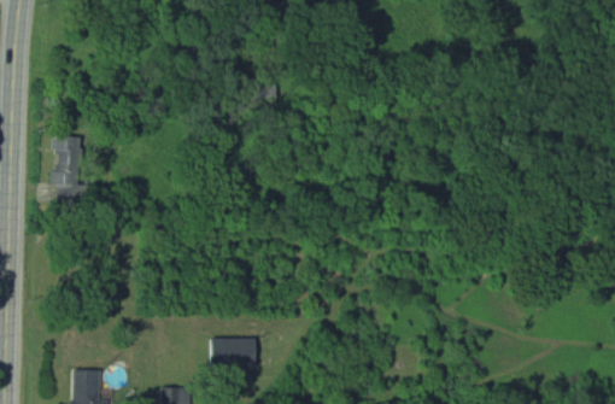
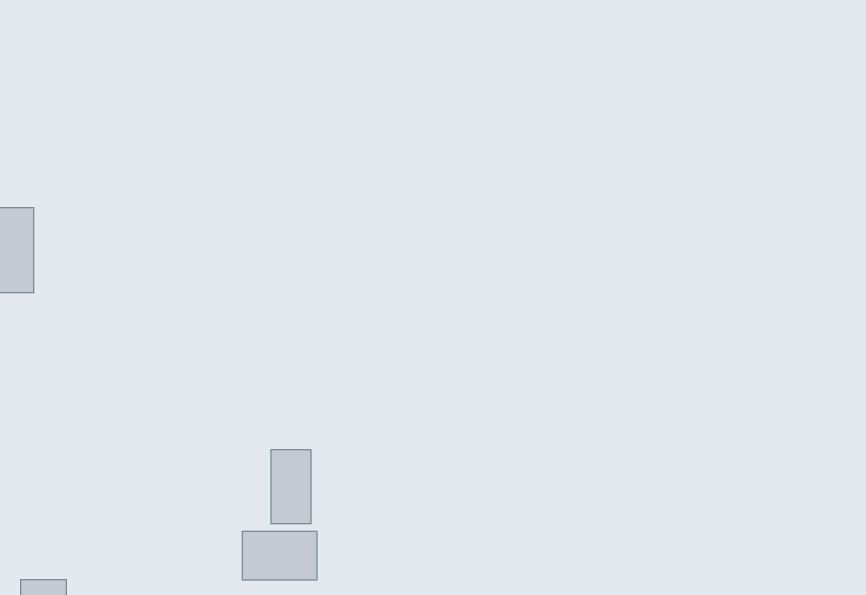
building: none -> [271,450,311,524]

